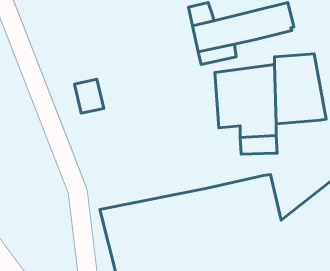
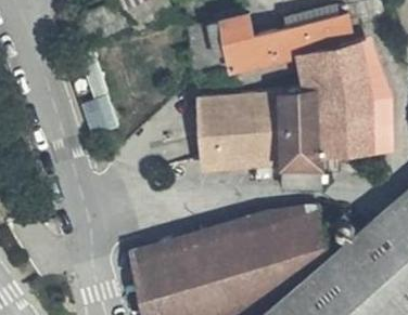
building: none -> [301,35,366,73]
building: none -> [200,89,259,156]

